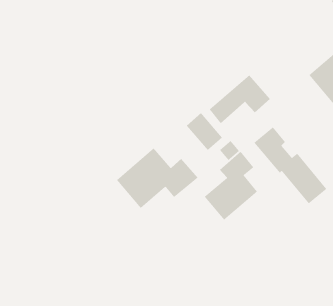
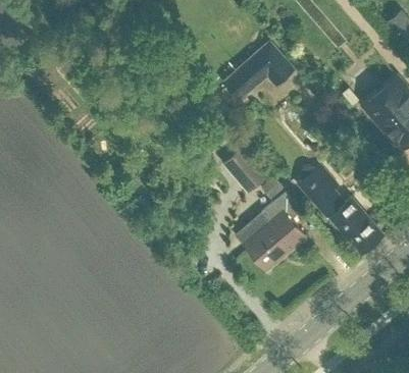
building: [209,74,271,124] -> [222,43,293,99]
building: [116,148,198,209] -> none

